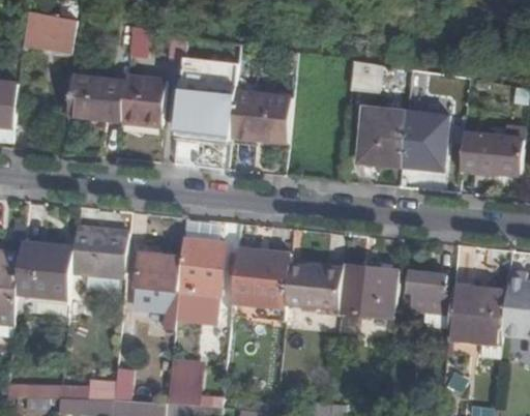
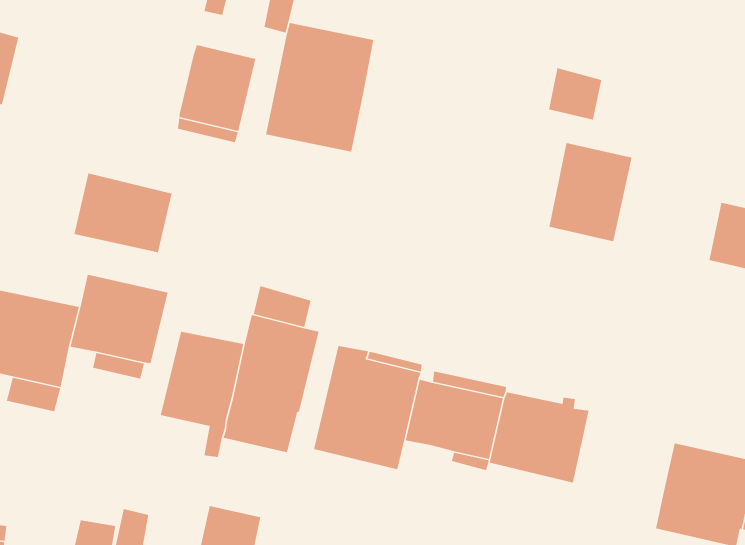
building: [67,76,125,120] -> [74,172,173,253]
building: [231,90,293,137] -> none
building: [400,112,448,170] -> none
building: [407,271,451,315] -> none

